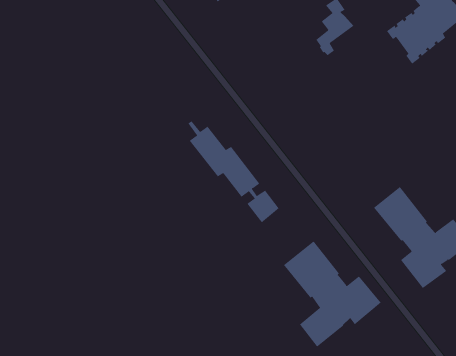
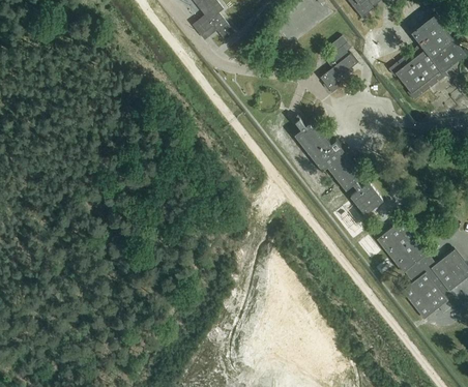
building: [188,120,280,223] -> [293,116,382,215]
building: [283,240,381,347] -> none

